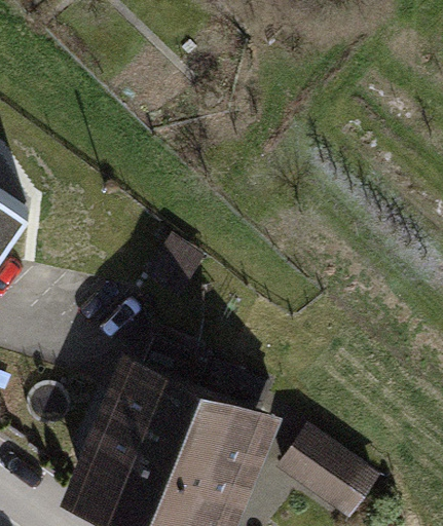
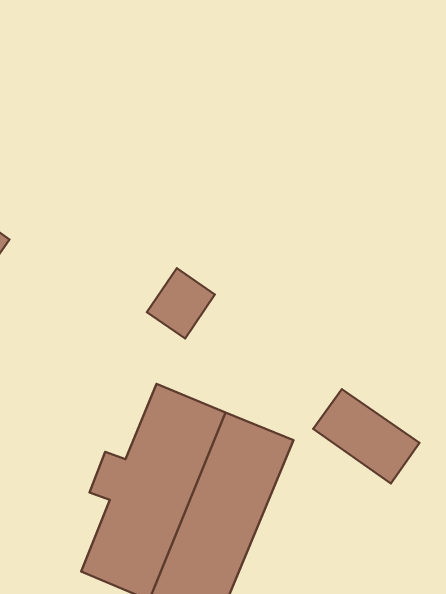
building: [283,439,374,520] -> [313,389,419,484]

